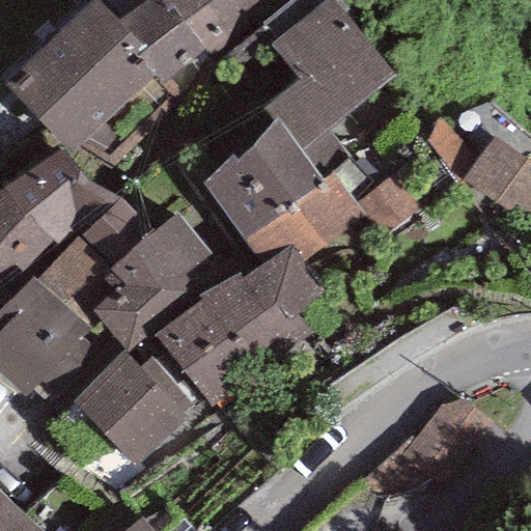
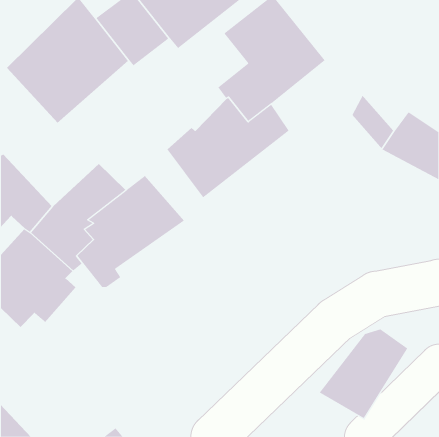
building: [4,147,119,249] -> none
building: [245,172,418,258] -> none
building: [152,245,324,409] -> none
building: [71,351,190,465] -> none

